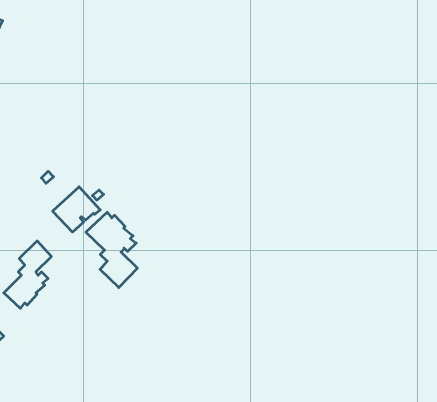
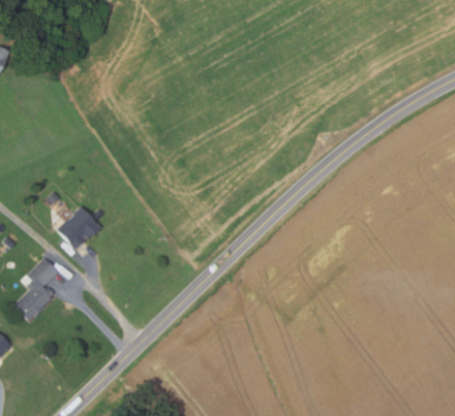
building: [86,212,137,288] -> none

